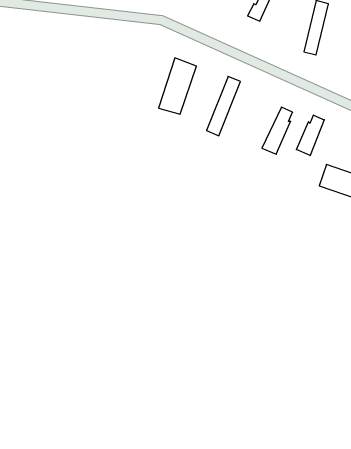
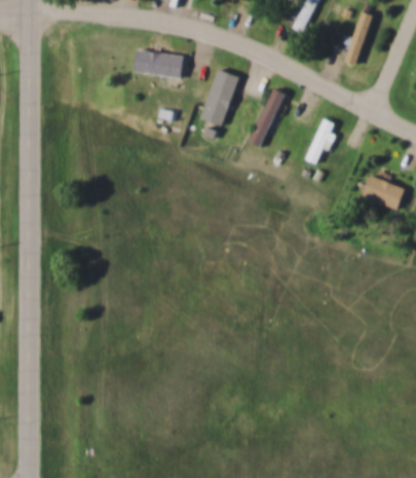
building: none -> [134,50,185,78]
building: [296,115,324,156] -> none

